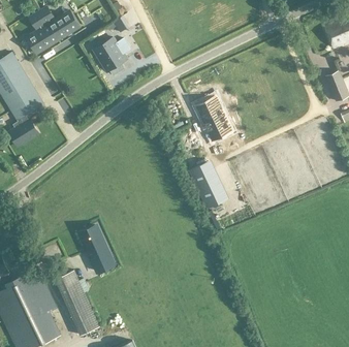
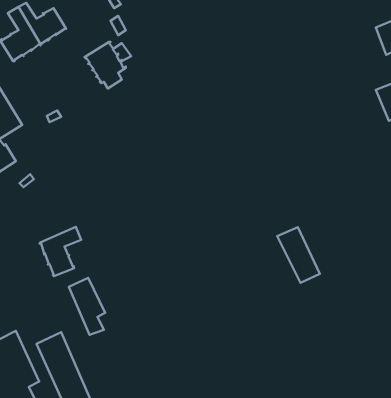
building: [196,97,232,140] -> none
building: [190,163,224,208] -> [277,227,320,283]
building: none -> [39,227,81,276]

